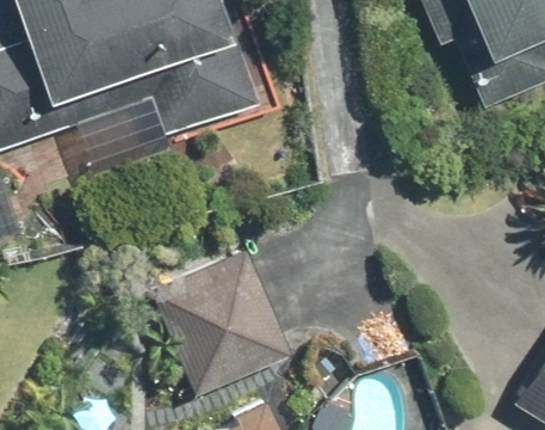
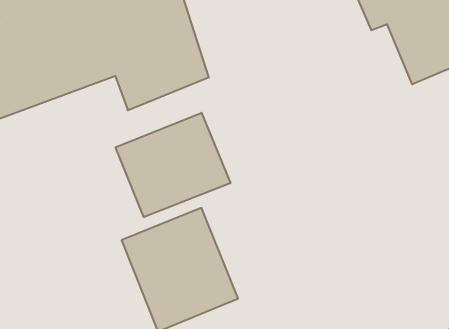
building: none -> [116,113,230,217]

